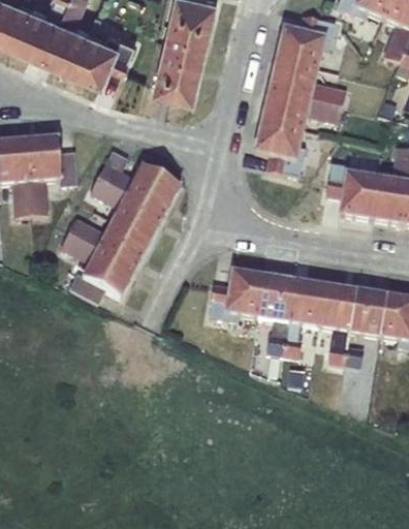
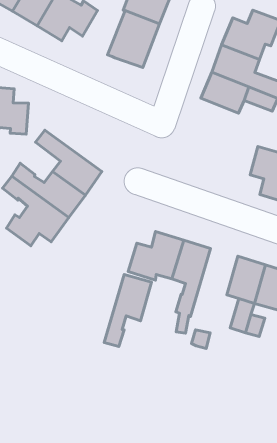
building: [253,118,305,176] -> none
building: [96,150,179,212] -> none
building: [282,279,324,357] -> [104,274,152,346]

